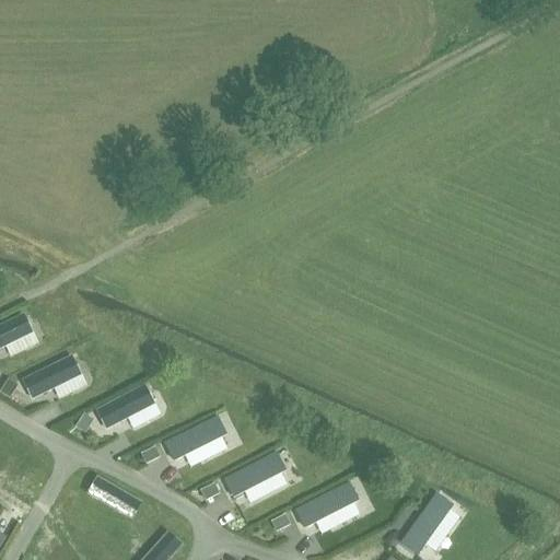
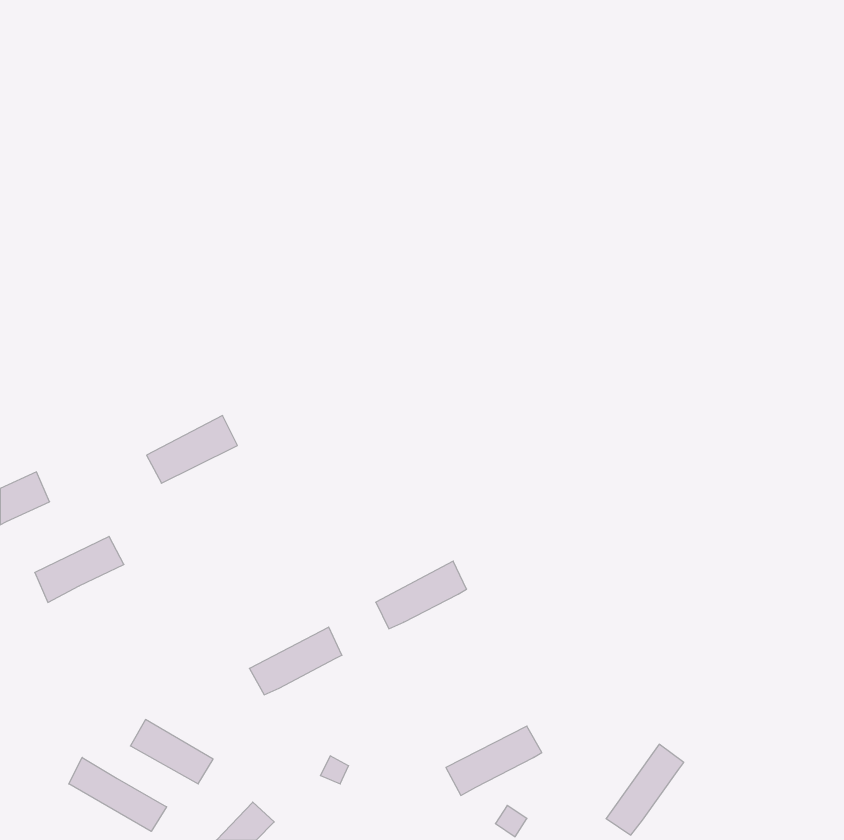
building: [95,384,155,429] -> [147,416,237,483]
building: [224,452,284,497] -> [376,561,467,629]
building: none -> [69,757,167,831]

